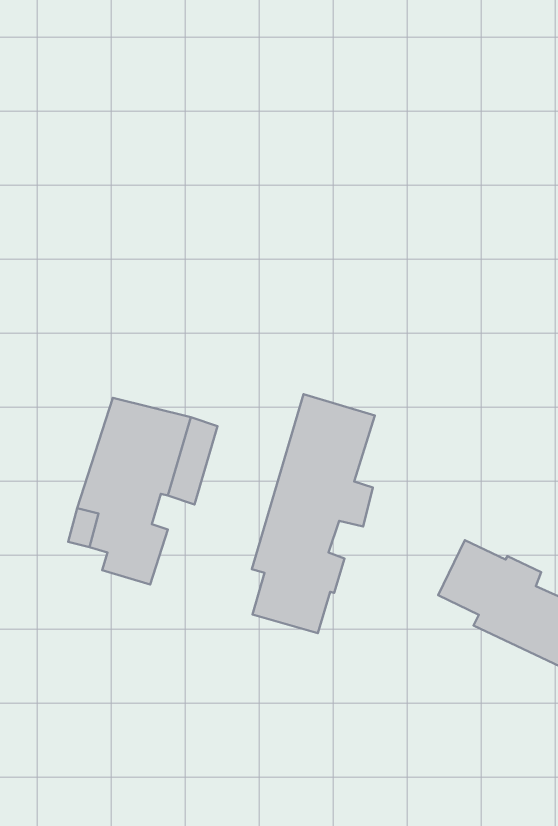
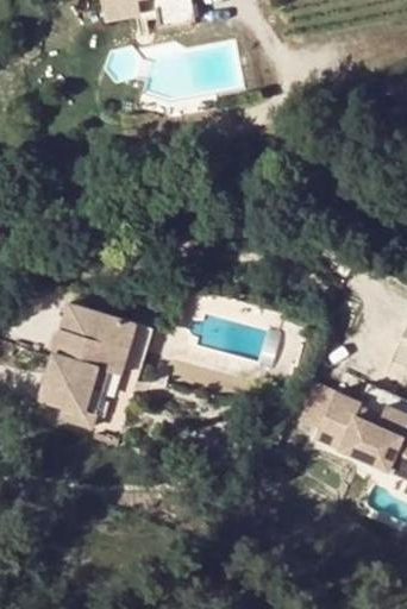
building: [252,394,375,633] -> none

